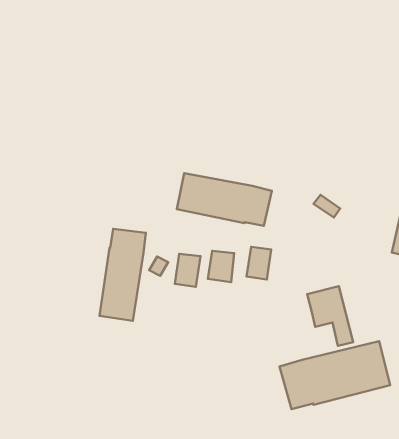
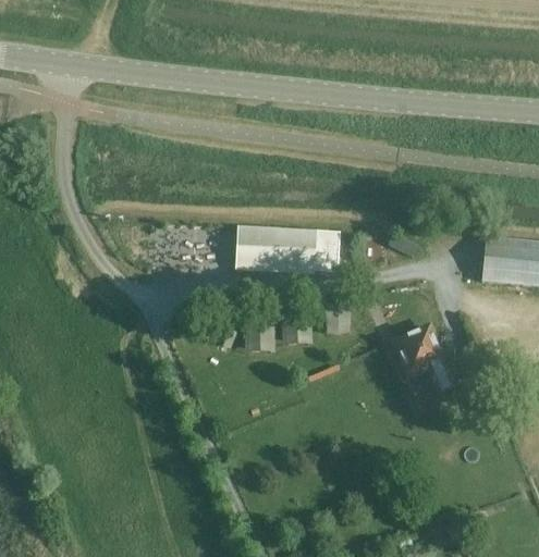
building: [100,229,146,321] -> none
building: [280,341,390,409] -> none

